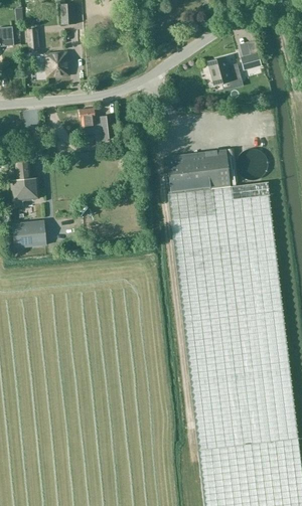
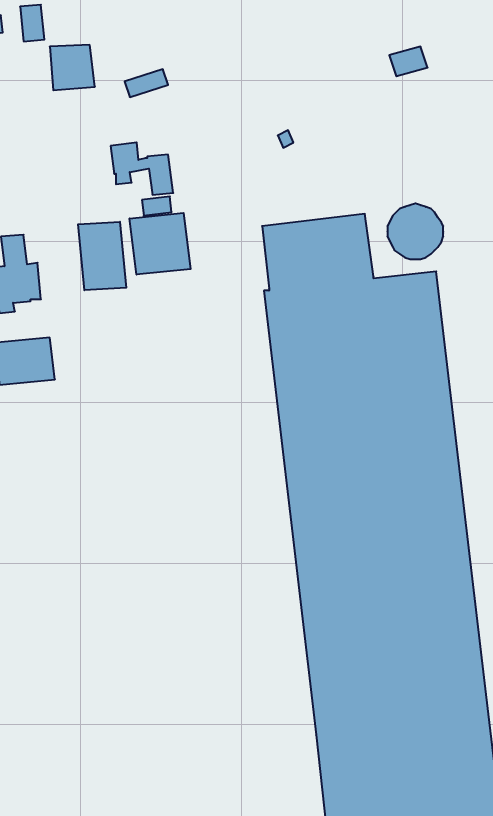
building: [208,57,241,86] -> none
building: none -> [130,213,191,275]
building: none -> [78,222,126,290]

